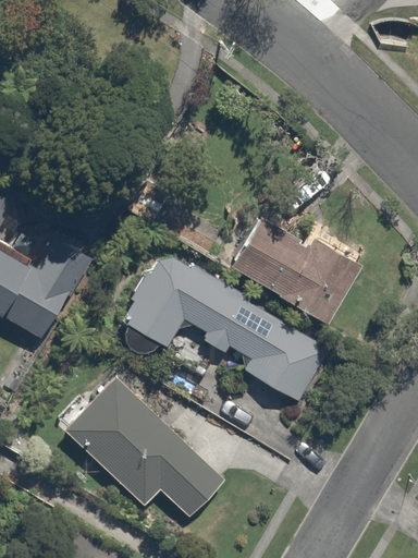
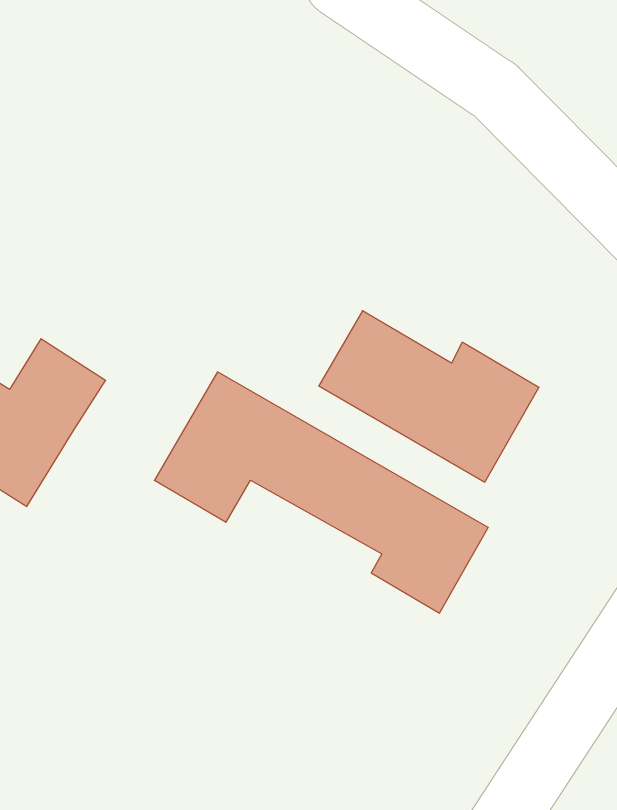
building: [64,378,224,520] -> none

